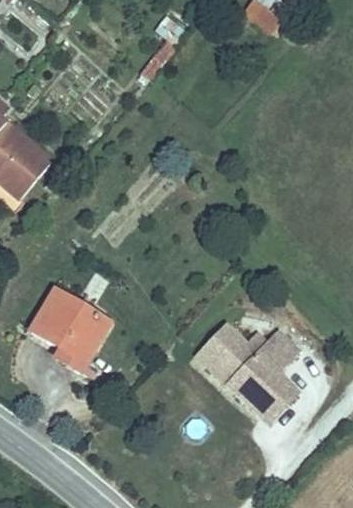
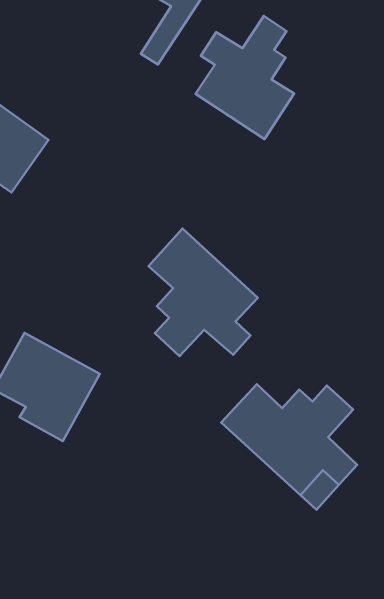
building: none -> [195,16,294,139]
building: none -> [148,229,258,356]

